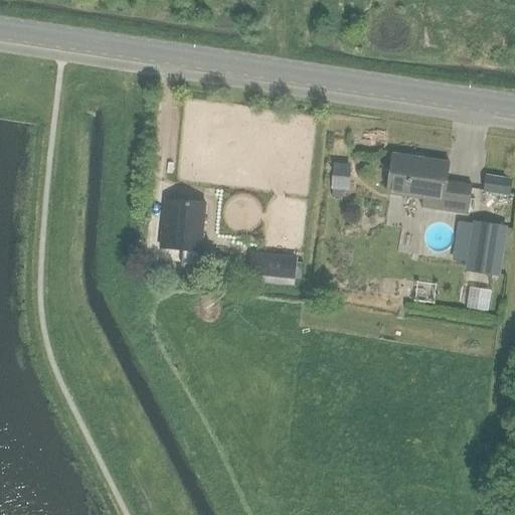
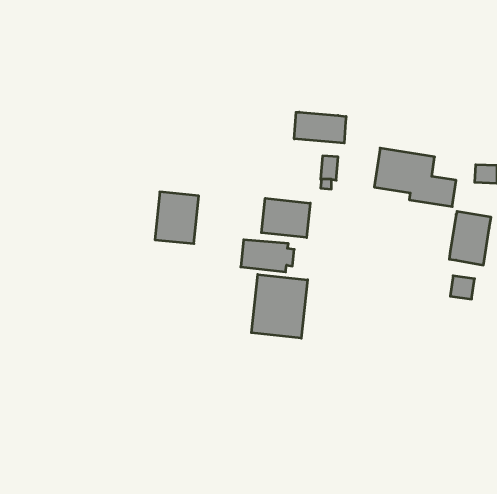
building: none -> [294,112,346,143]
building: none -> [261,198,310,238]
building: none -> [251,274,308,338]

